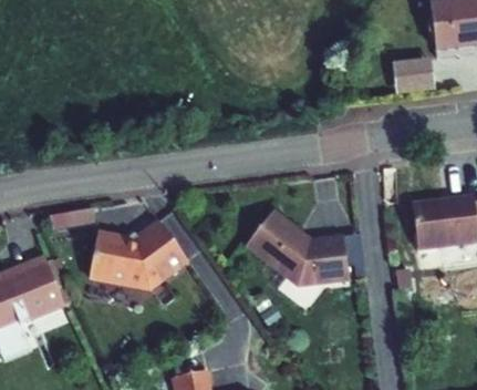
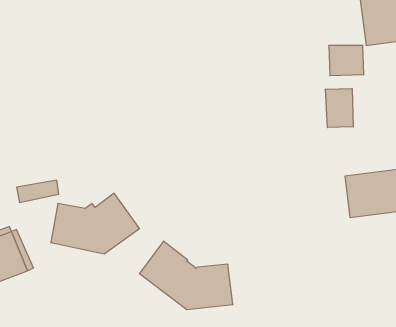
building: none -> [326,88,353,128]
building: [245,211,348,286] -> [139,241,233,310]

